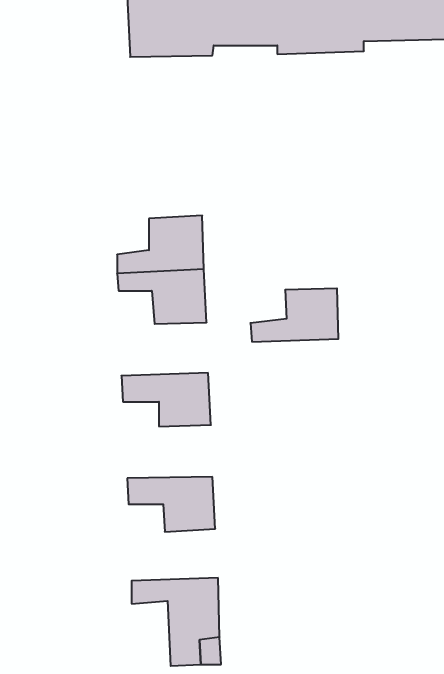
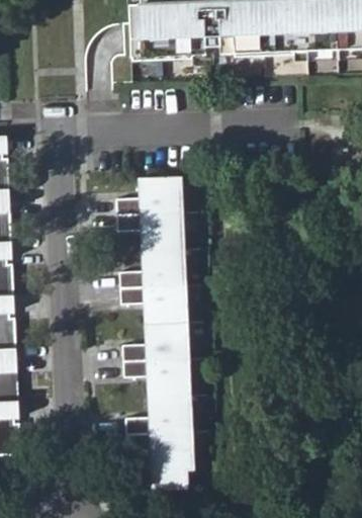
building: [250,288,338,342] -> [116,251,178,288]
building: none -> [120,323,181,360]
building: none -> [124,396,185,432]

